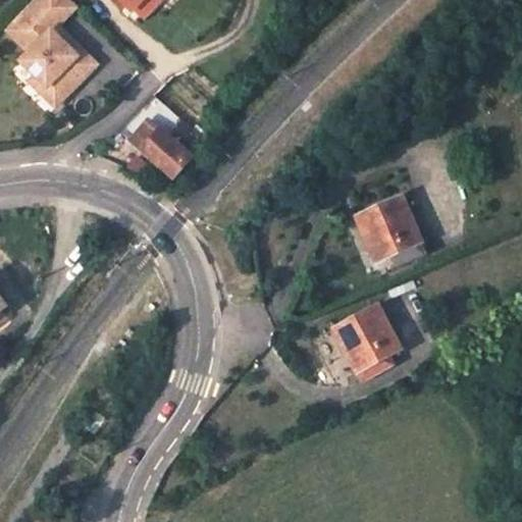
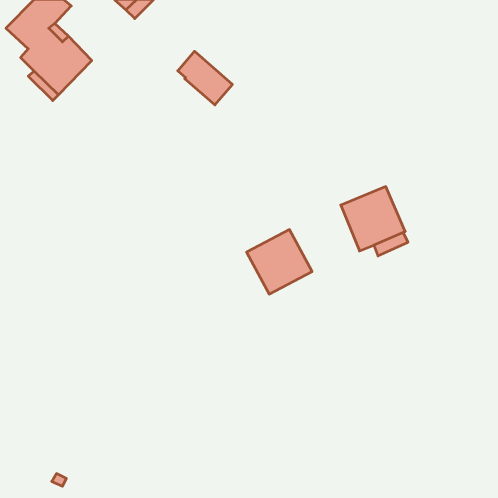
building: [133,122,190,178] -> [178,51,232,105]
building: [331,306,400,373] -> [247,230,312,294]

